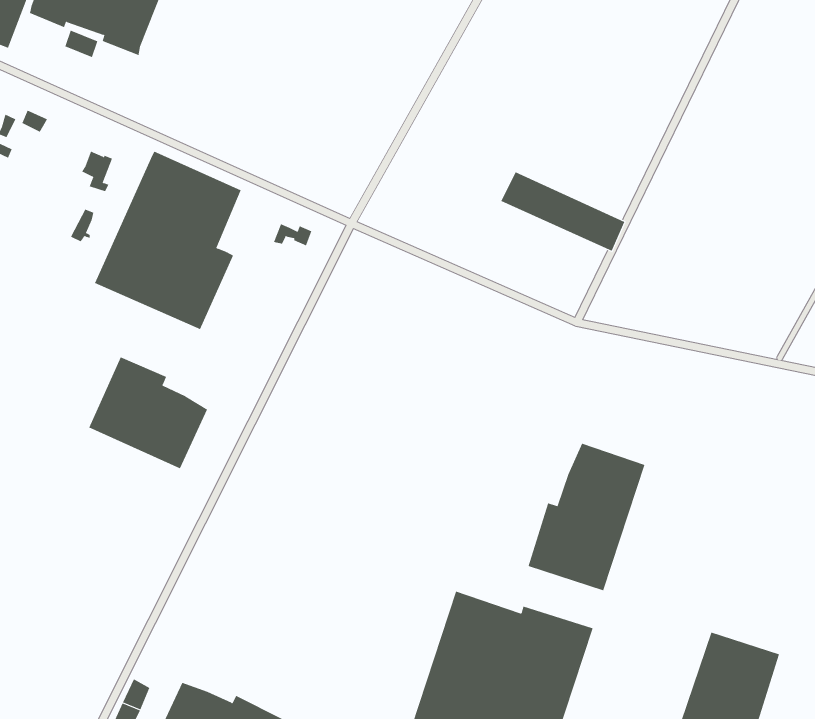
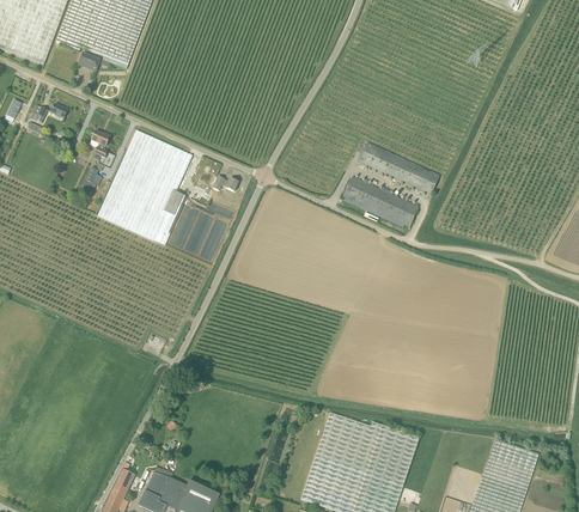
building: none -> [342,176,418,225]
building: [89,357,208,469] -> none
building: [528,443,645,591] -> none

